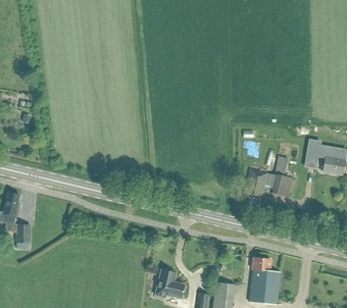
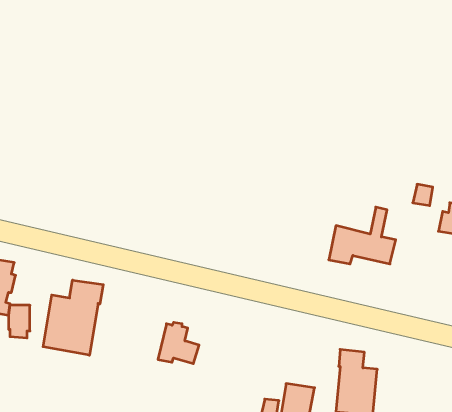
building: none -> [43,280,103,355]
building: [155,268,185,298] -> [158,322,199,364]

